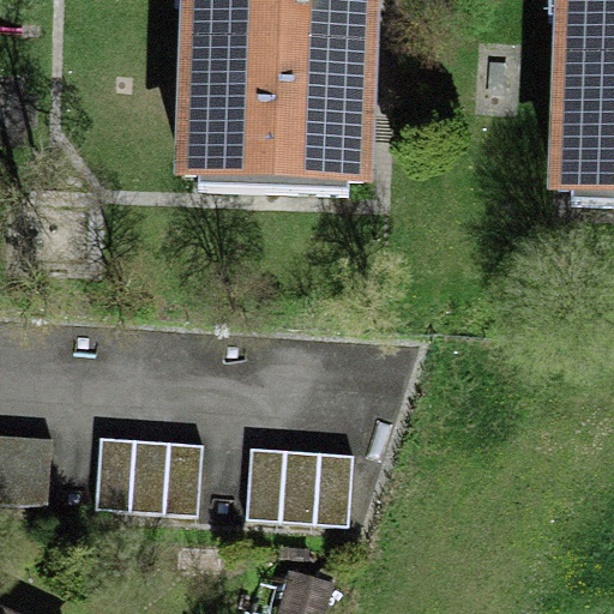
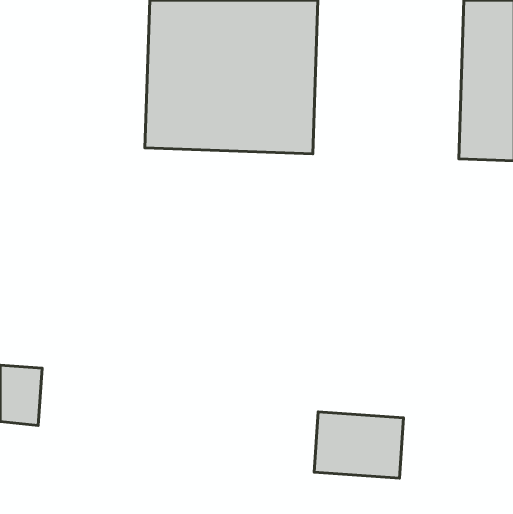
building: [96,439,203,518] -> none
building: [247,449,354,528] -> [314,412,404,478]

